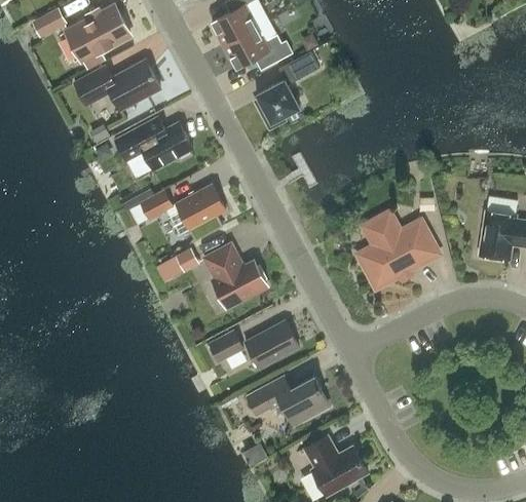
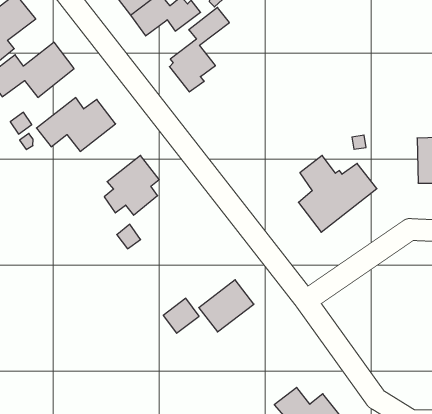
building: [140,190,173,220] -> none
building: [205,244,266,307] -> none
building: [247,377,328,422] -> none

